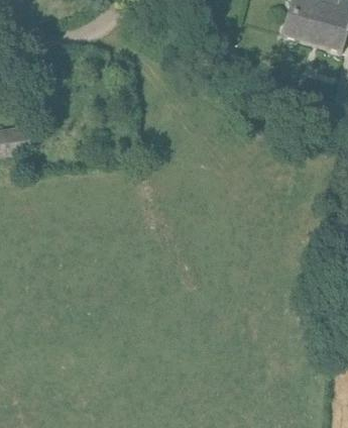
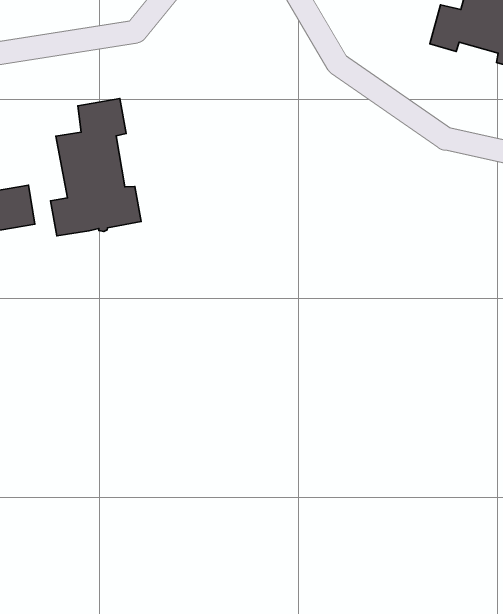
building: none -> [51,99,141,236]

